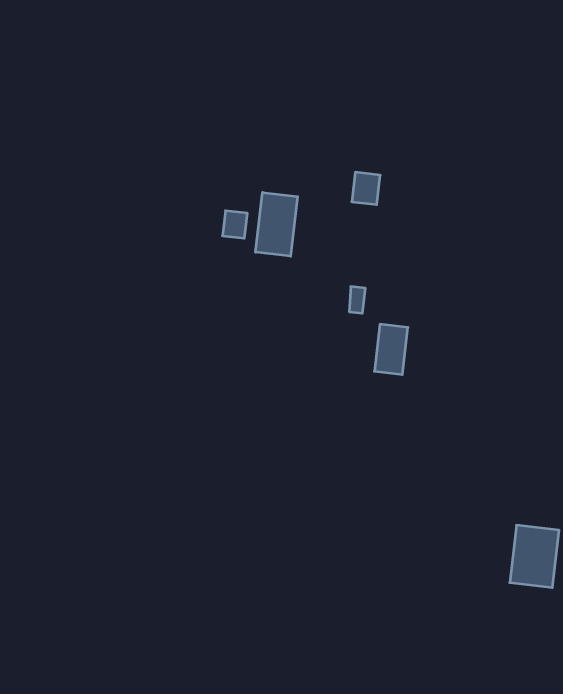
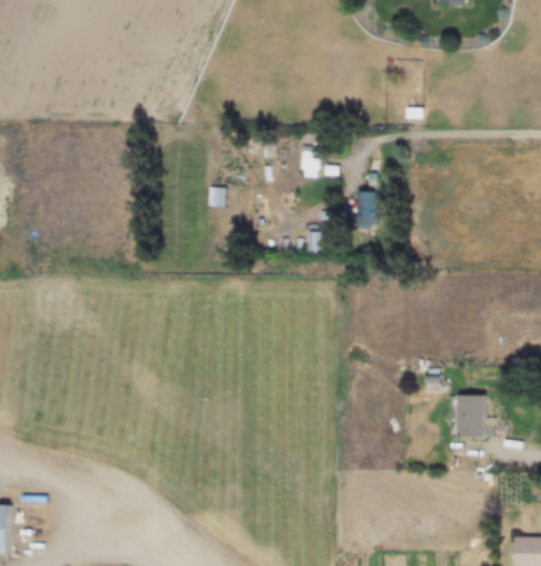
building: [256,192,298,256] -> none
building: [374,324,408,375] -> [357,191,378,227]

